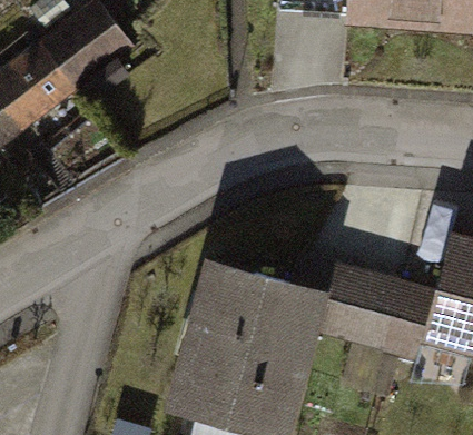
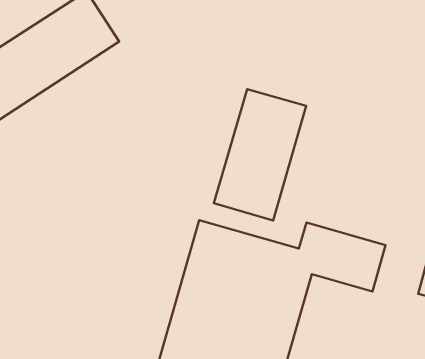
building: none -> [214,89,306,220]

